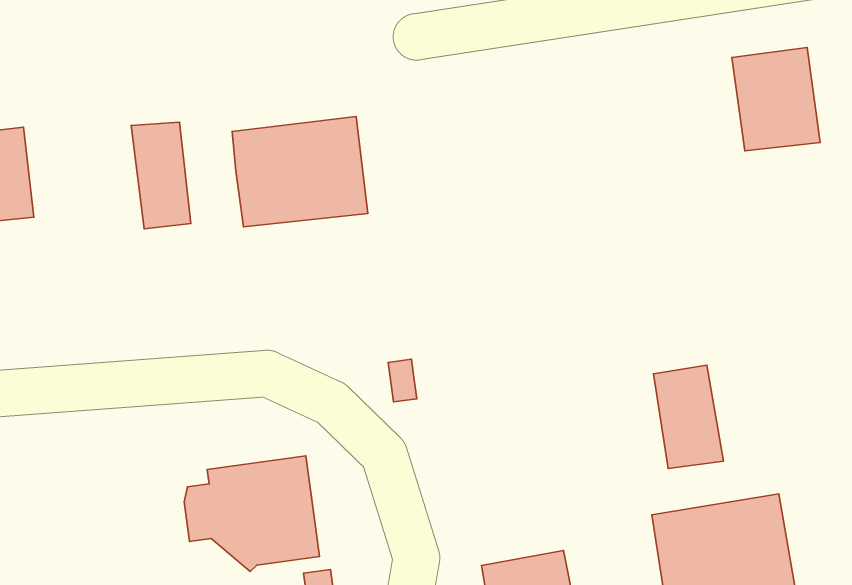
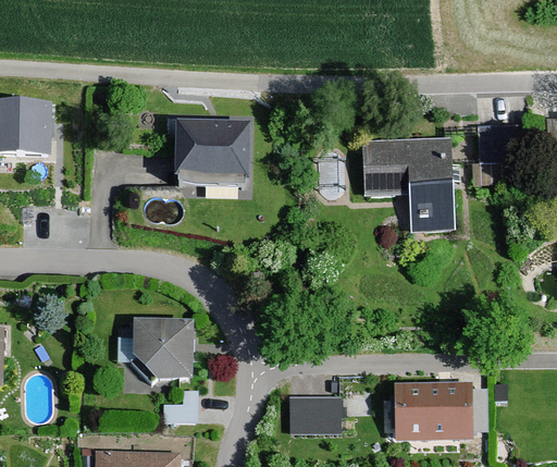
building: none -> [360,137,455,233]
building: [131,122,191,229] -> none
building: [653,365,724,468] -> none

